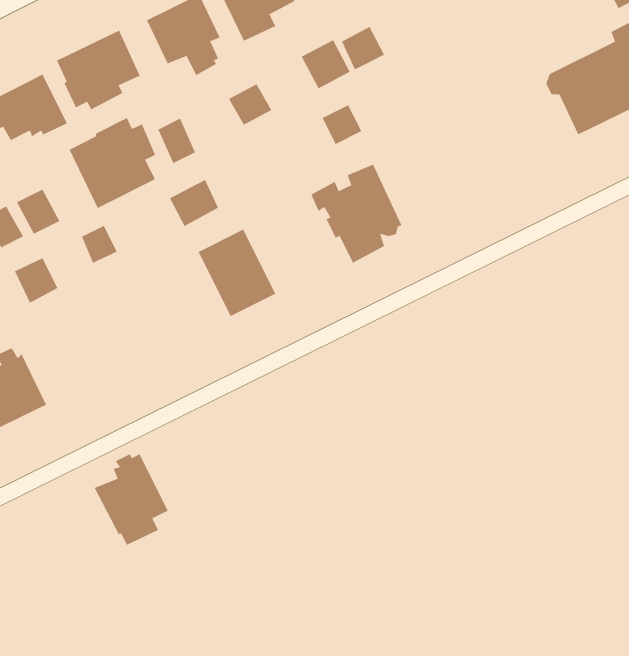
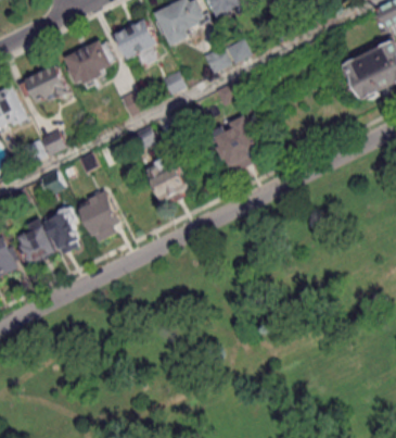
building: [69,117,156,209] -> none
building: none -> [42,207,78,254]
building: [94,454,168,545] -> [77,190,119,242]

